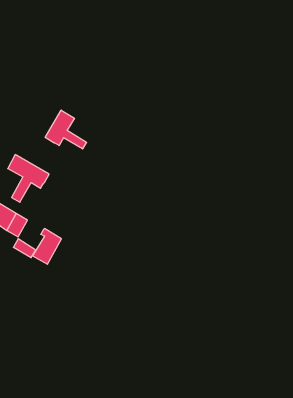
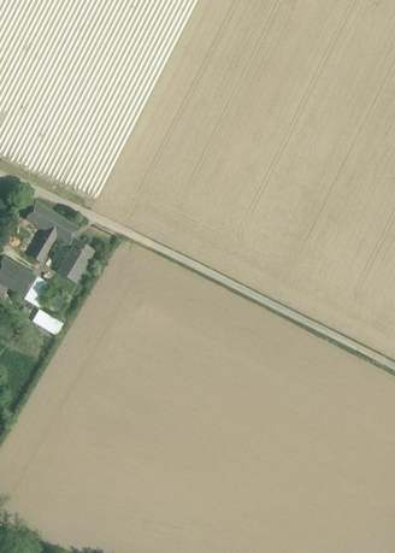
building: [45,110,87,149] -> none
building: [32,229,61,264] -> [57,236,94,282]

